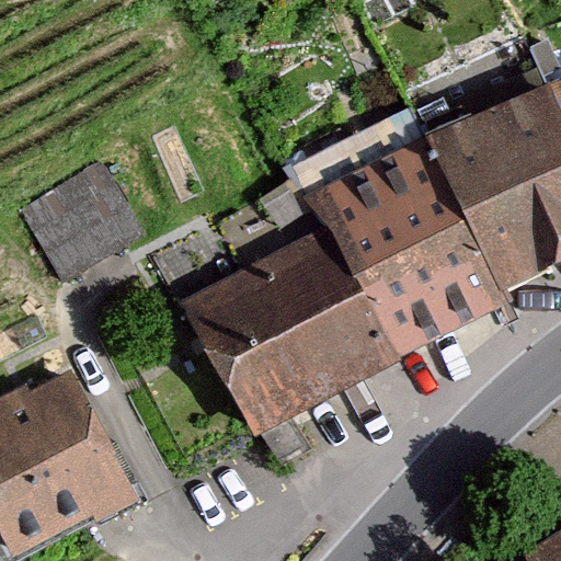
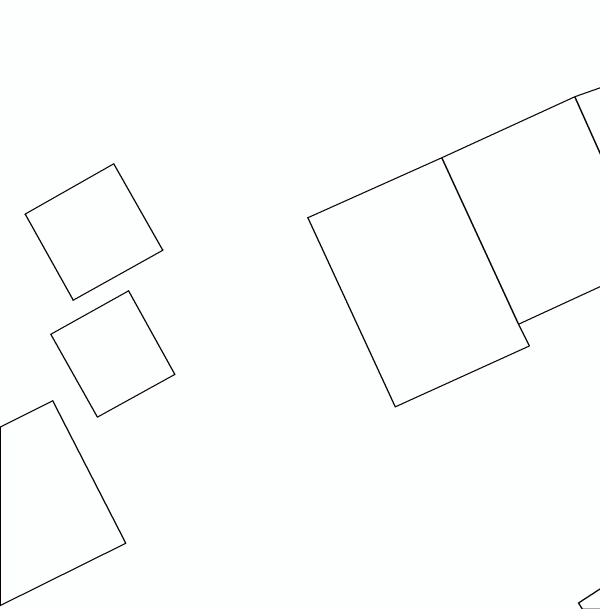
building: [171,238,373,438] -> none
building: none -> [51,291,175,417]

